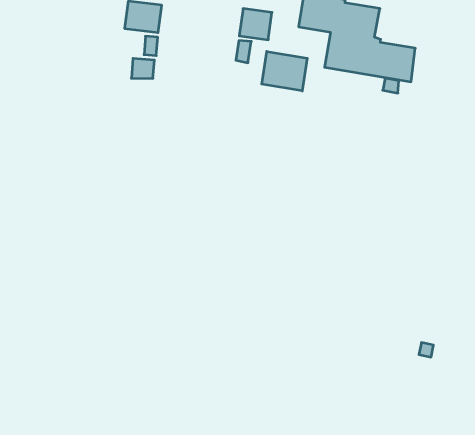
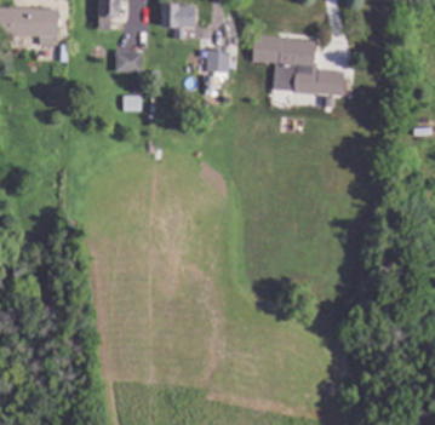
building: [262,51,307,91] -> none

